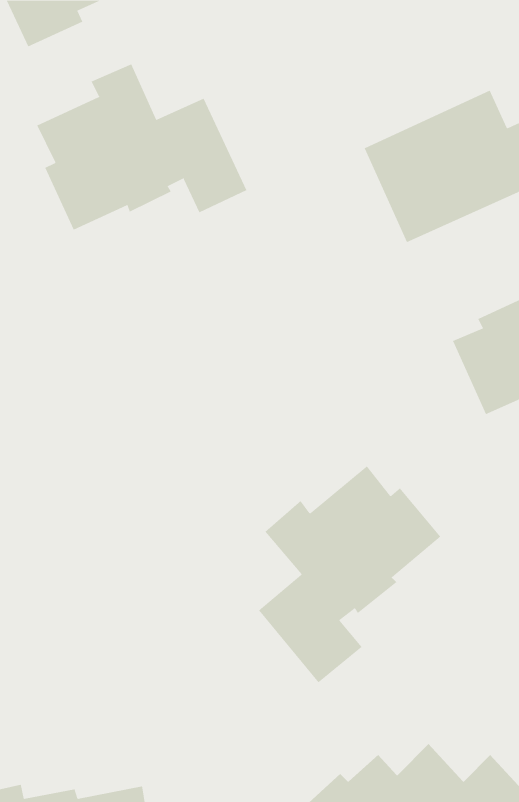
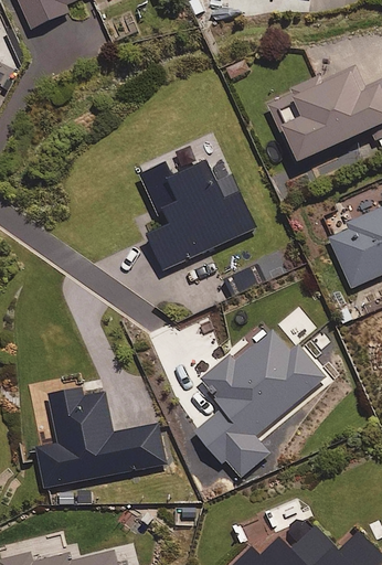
building: [37,64,247,230] -> none
building: none -> [141,161,257,274]
building: none -> [34,384,163,484]

